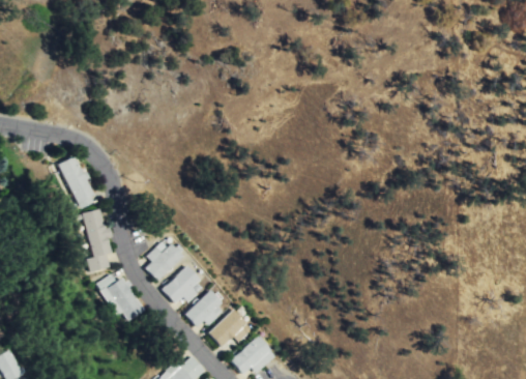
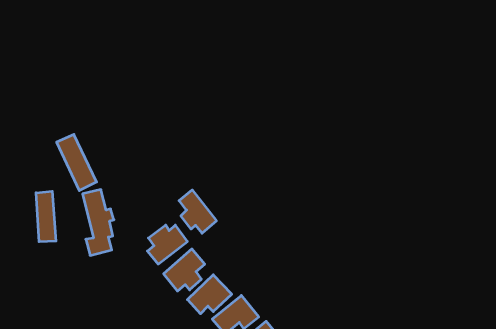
building: none -> [179,190,216,233]
building: none -> [36,191,56,242]
building: [100,274,142,322] -> none

